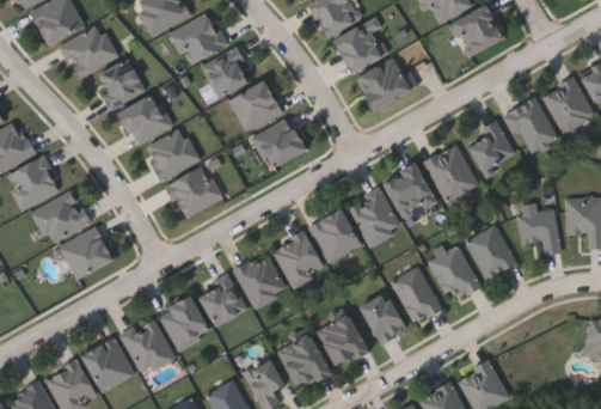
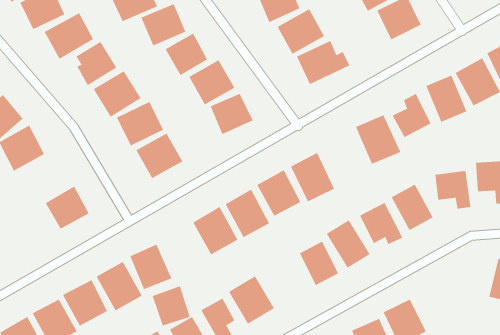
building: [381,161,436,220] -> none
building: [32,189,92,245] -> none
building: [198,276,244,324] -> [152,286,191,326]
building: [315,312,366,366] -> none

